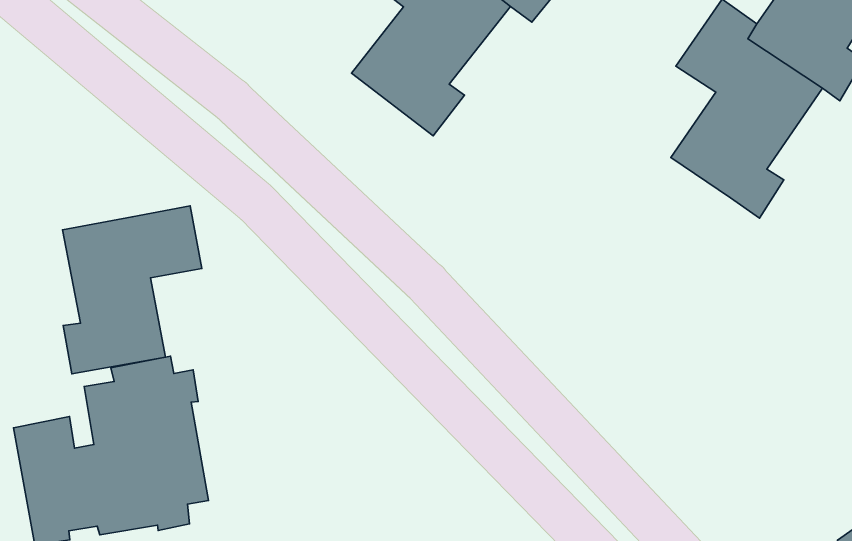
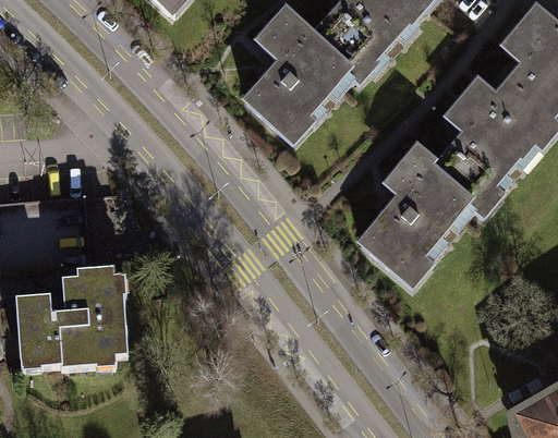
building: none -> [362,147,469,285]
building: [63,206,202,374] -> none

